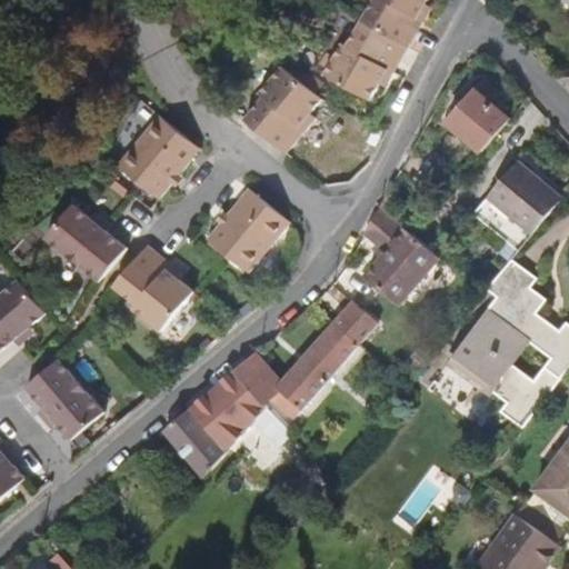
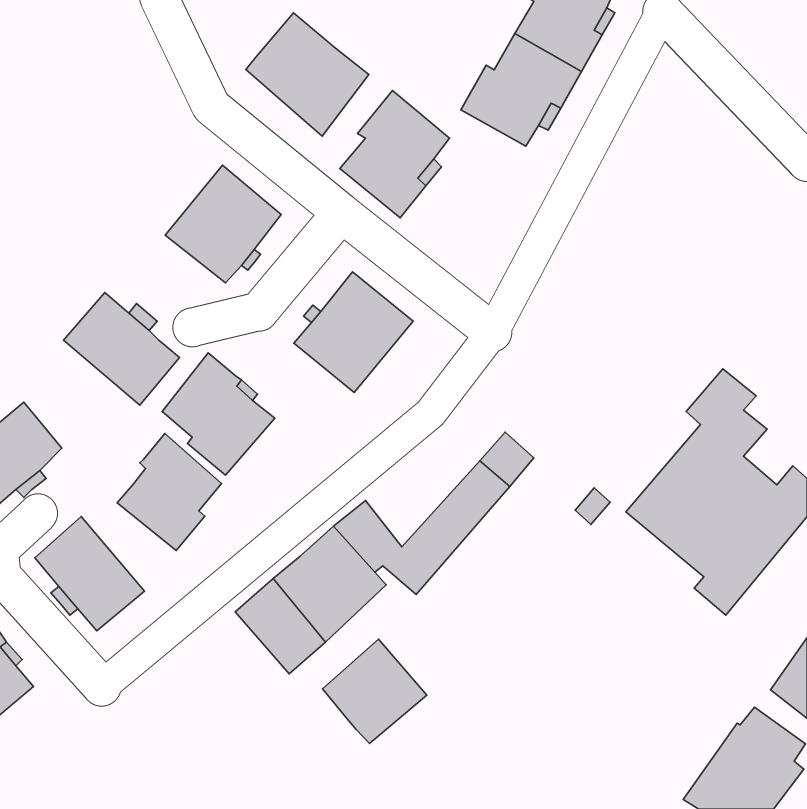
building: none -> [246,13,369,136]
building: [443,78,507,149] -> none
building: [482,158,558,232] -> none
building: [363,204,435,300] -> none
building: none -> [117,434,222,551]
building: none -> [323,639,427,743]

